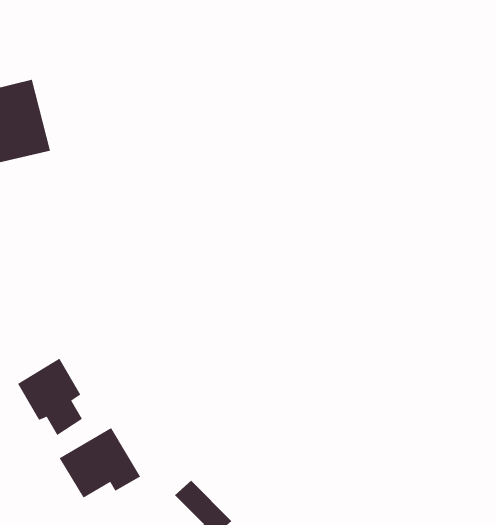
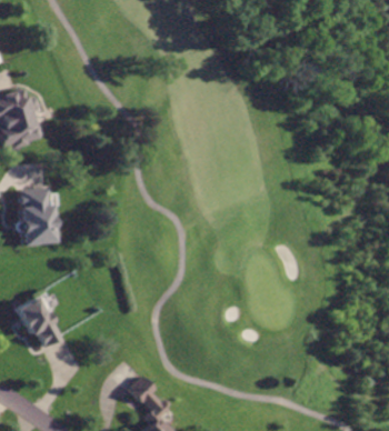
building: none -> [17,189,53,247]
building: [59,427,141,499] -> none

